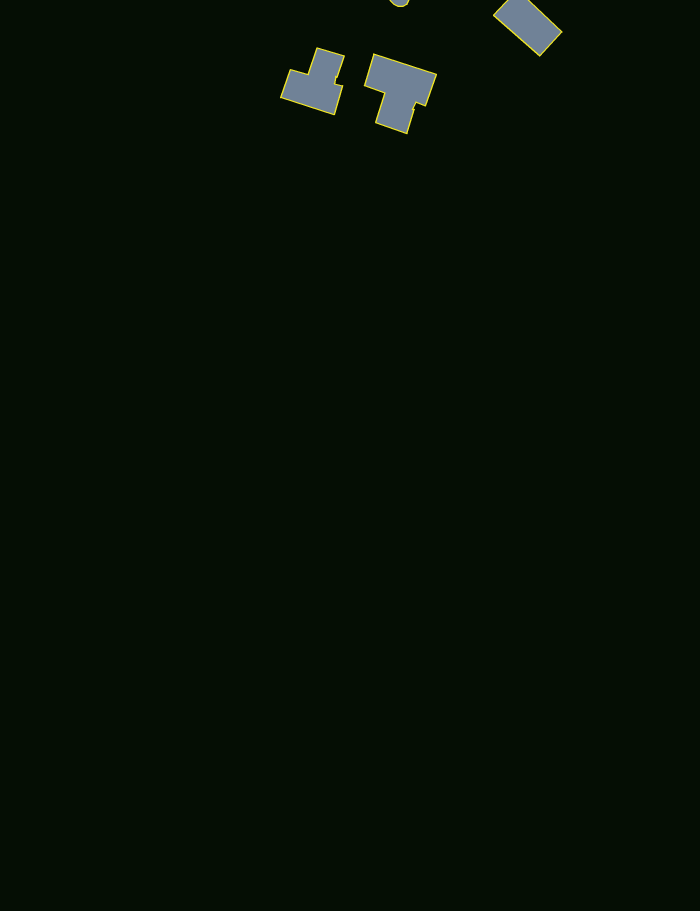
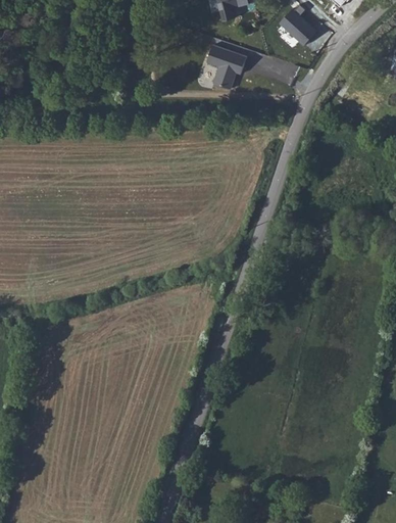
building: [281,48,344,115] -> none

